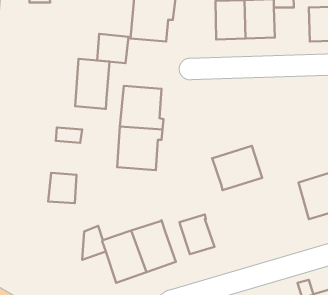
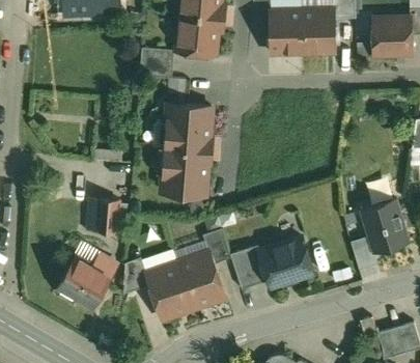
building: [75,59,110,109] -> none
building: [212,146,262,190] -> [258,236,313,285]
building: none -> [203,227,231,263]
building: none -> [57,254,113,308]

